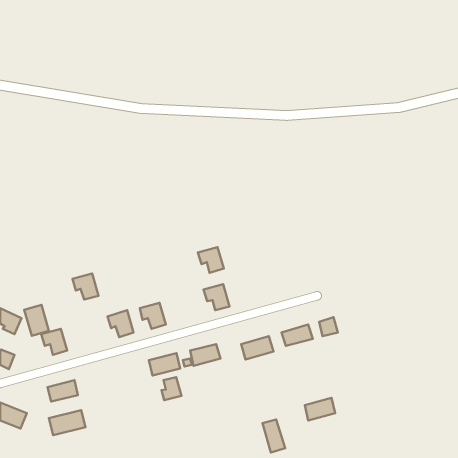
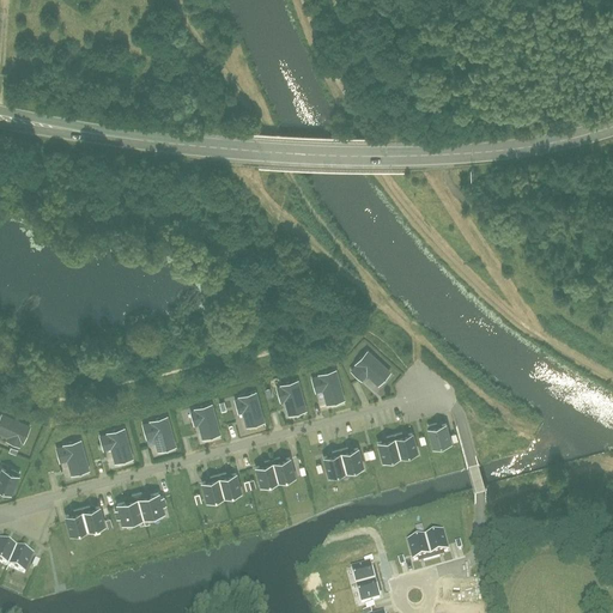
building: [198,247,224,273] -> [310,370,345,405]
building: none -> [350,352,390,387]
building: [72,274,98,300] -> [101,427,135,462]
building: none -> [229,394,263,429]
building: [24,305,49,336] -> none
building: [162,377,182,400] -> none
building: [49,410,86,435] -> [115,493,164,527]

